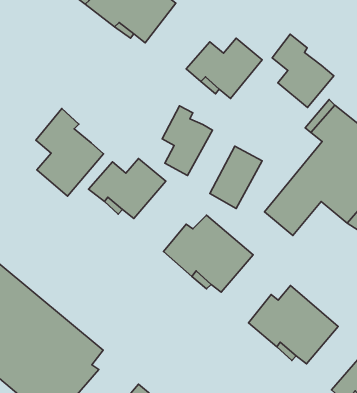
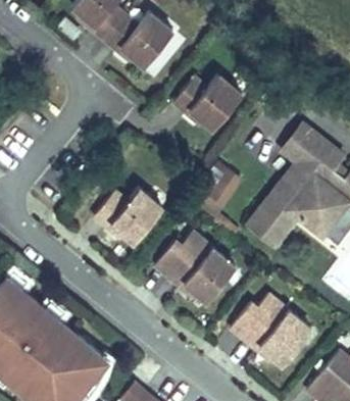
building: [272,34,334,107] -> none
building: [162,106,212,175] -> none
building: [36,109,103,196] -> none

